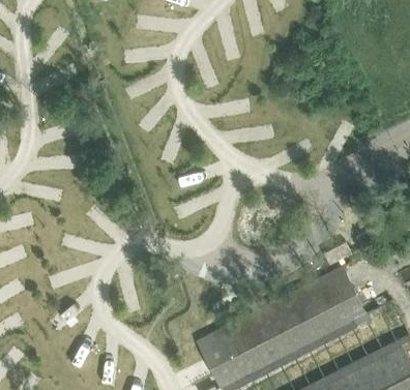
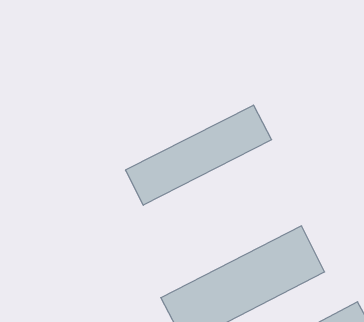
building: none -> [126,105,272,205]

